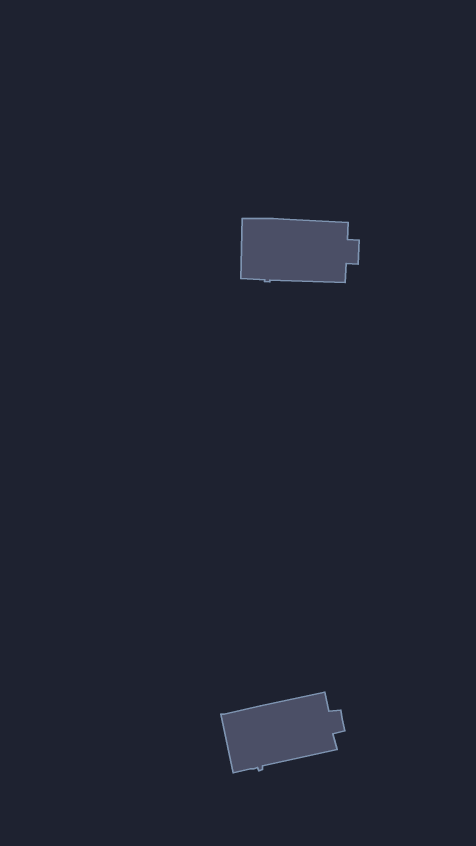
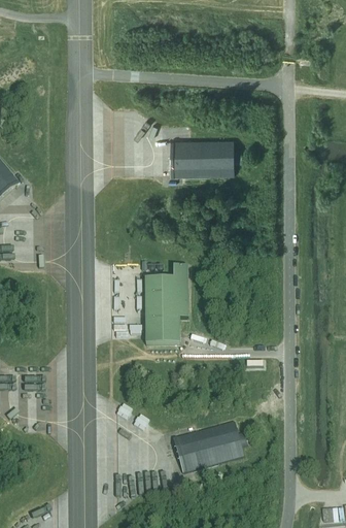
building: none -> [145,267,188,345]

